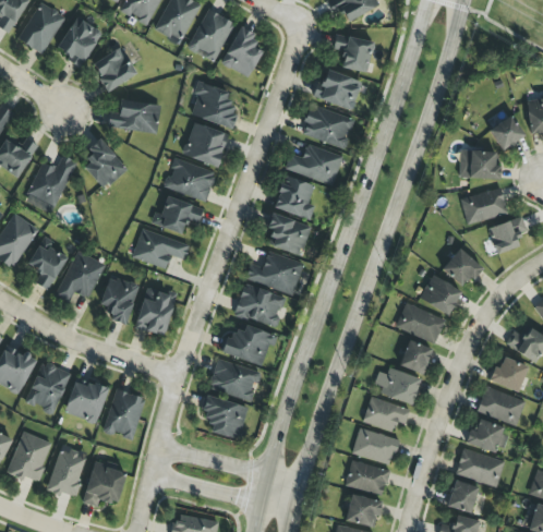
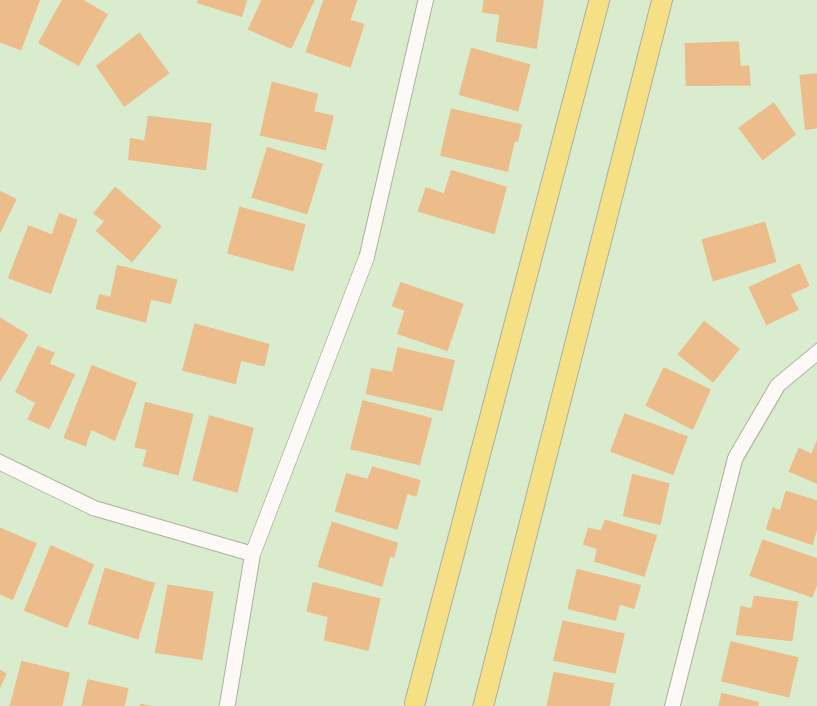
building: [459,150,500,180] -> [684,41,751,87]
building: [274,176,314,219] -> none
building: [150,196,204,234] -> [95,264,179,324]

